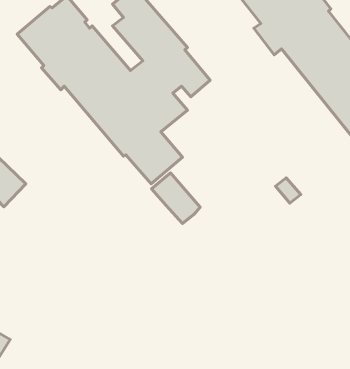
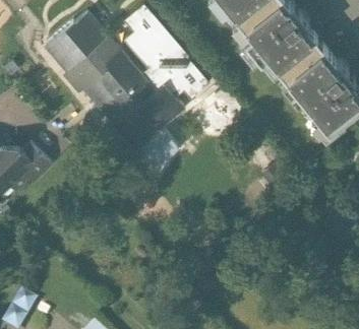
building: [151,173,200,224] -> none

